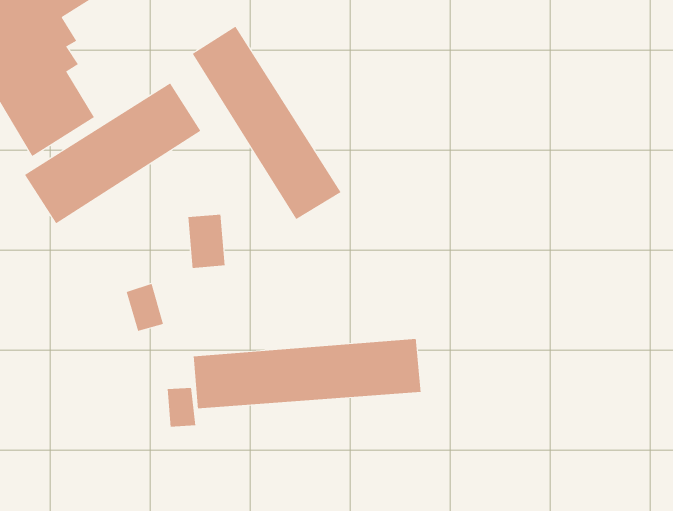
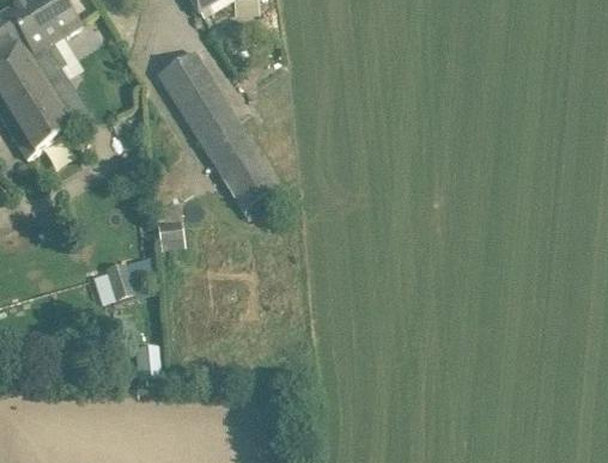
building: [24,82,201,224] -> none
building: [193,338,421,409] -> none

